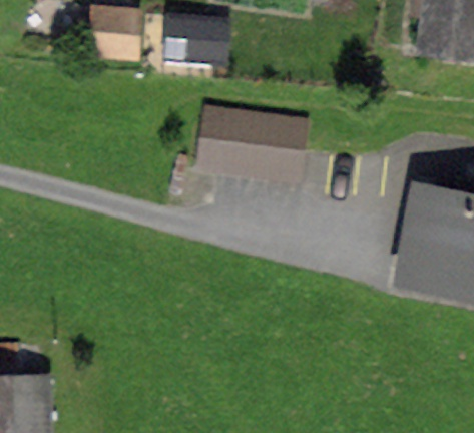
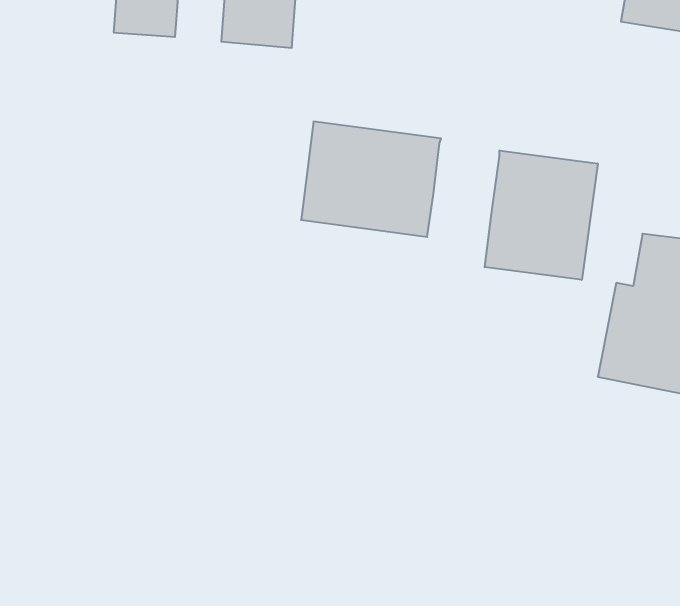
building: none -> [485,150,598,280]

